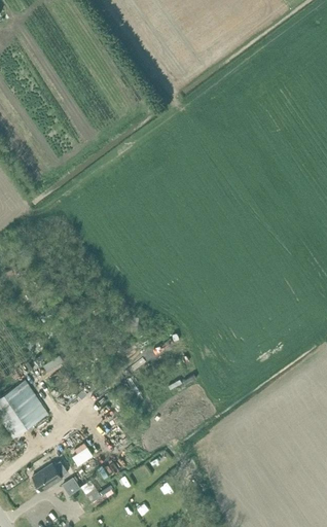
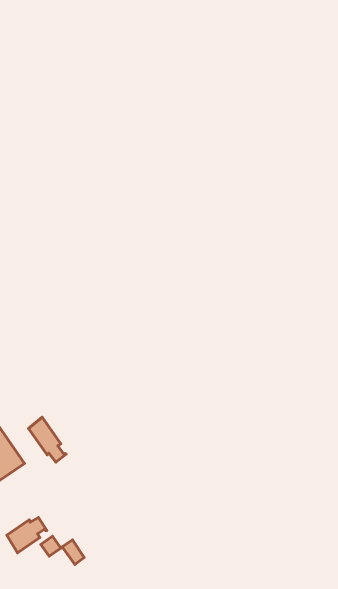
building: none -> [29,417,66,462]

